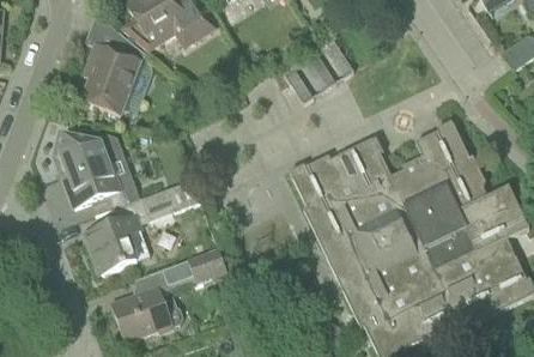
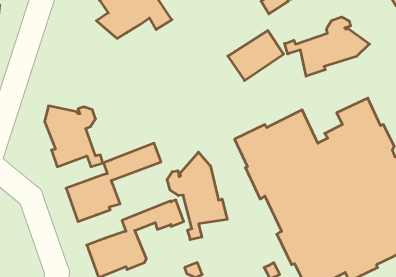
building: none -> [285,17,370,76]
building: [81,32,144,114] -> none
building: none -> [167,152,227,240]

